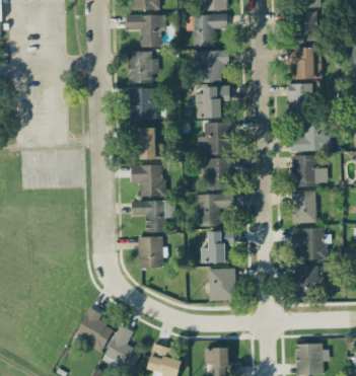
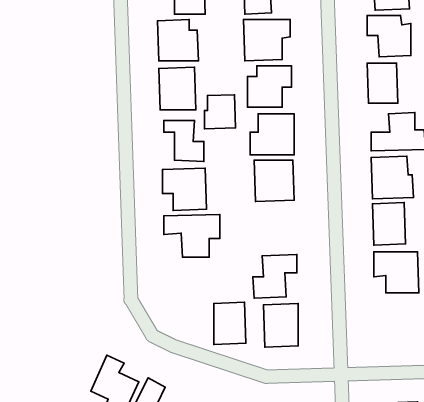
building: none -> [204,95,236,129]
building: [198,194,233,226] -> none
building: [138,236,162,269] -> [214,302,246,344]
building: [294,266,323,298] -> none

